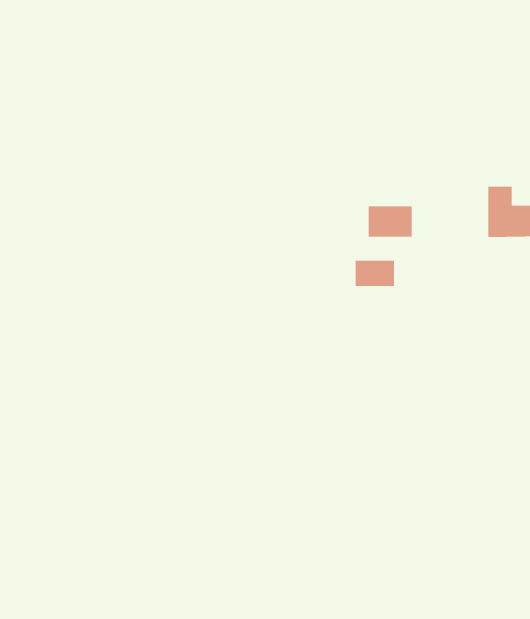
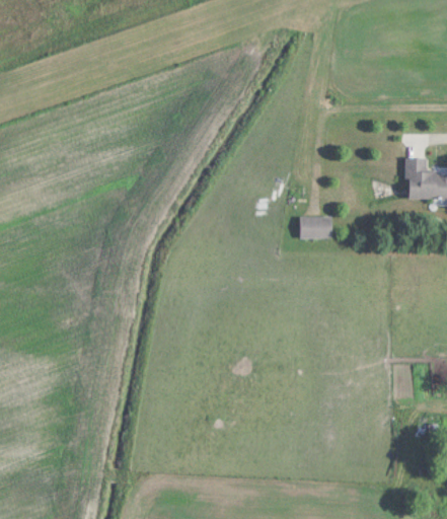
building: [368,206,412,238] -> none

